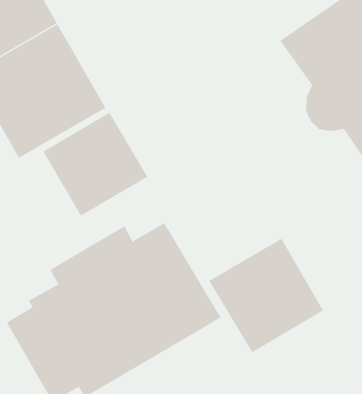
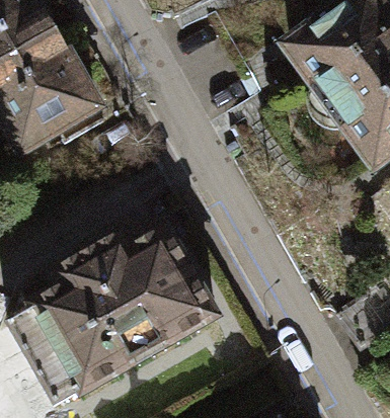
building: [42,112,148,216] -> none
building: [209,238,324,353] -> none

